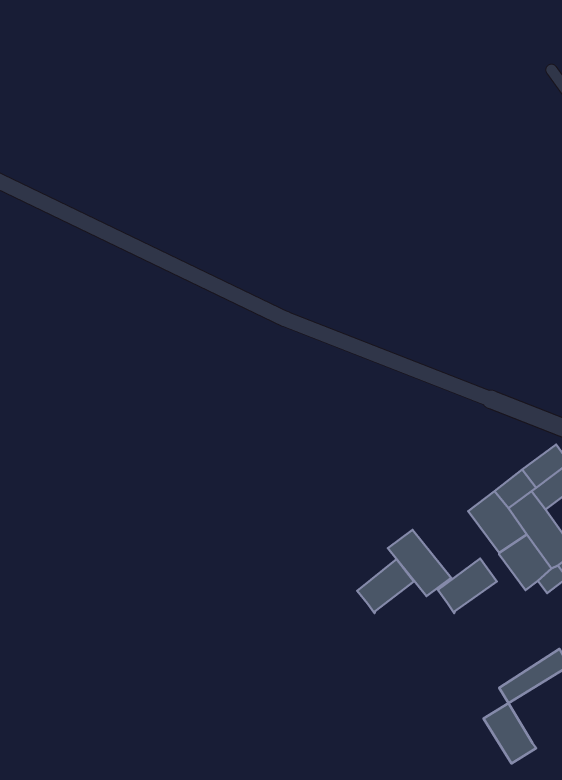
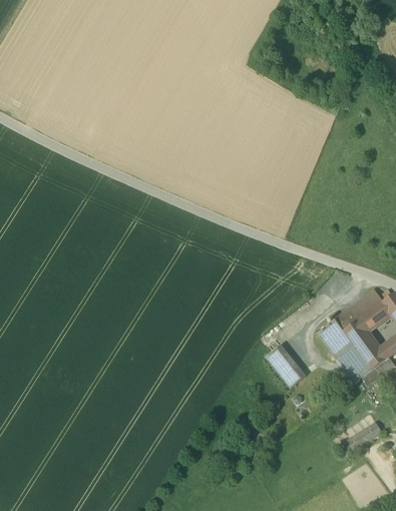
building: [438,558,497,613] -> none
building: [357,559,414,613] -> none
building: [484,703,536,763] -> none

